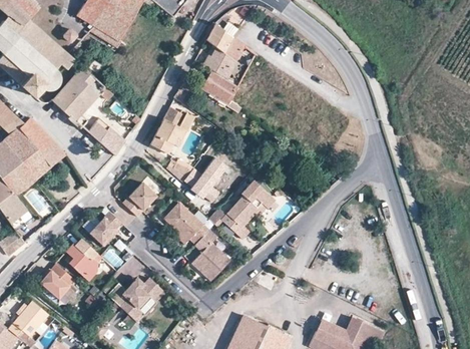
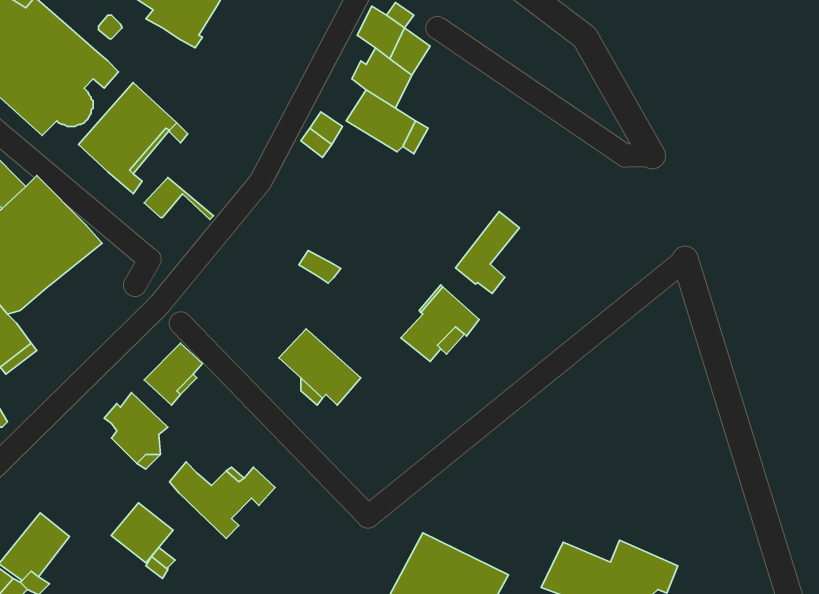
building: [149,106,194,153] -> none
building: [97,127,124,155] -> none
building: [191,157,226,203] -> [456,211,519,293]
building: [122,182,156,216] -> none
building: [219,207,248,236] -> none
building: [191,229,228,279] -> none
building: [41,264,75,297] -> [111,503,173,563]

